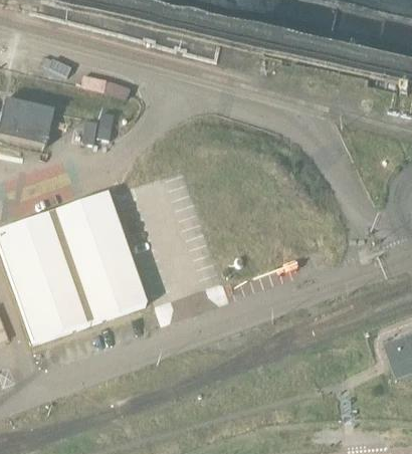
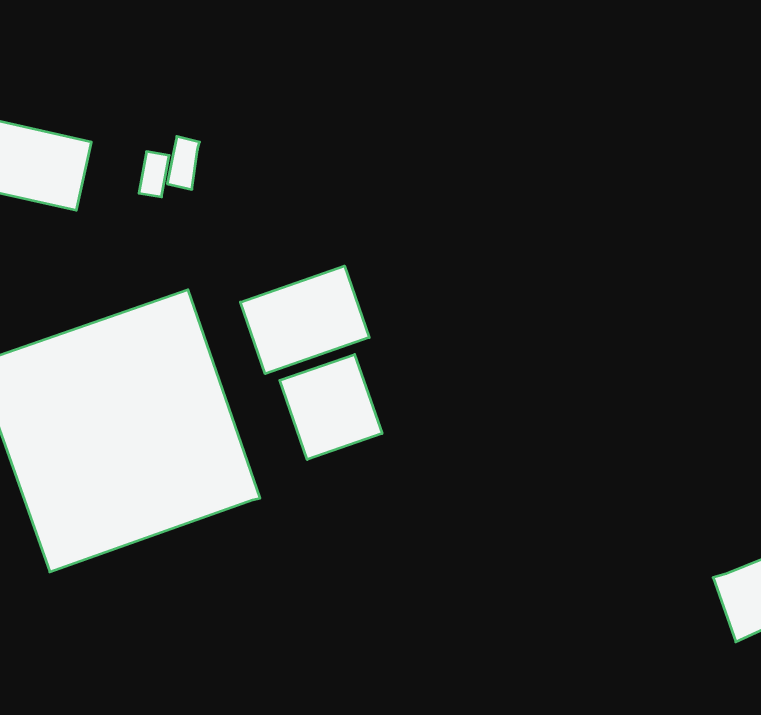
building: none -> [240,266,369,374]
building: none -> [280,354,382,460]

